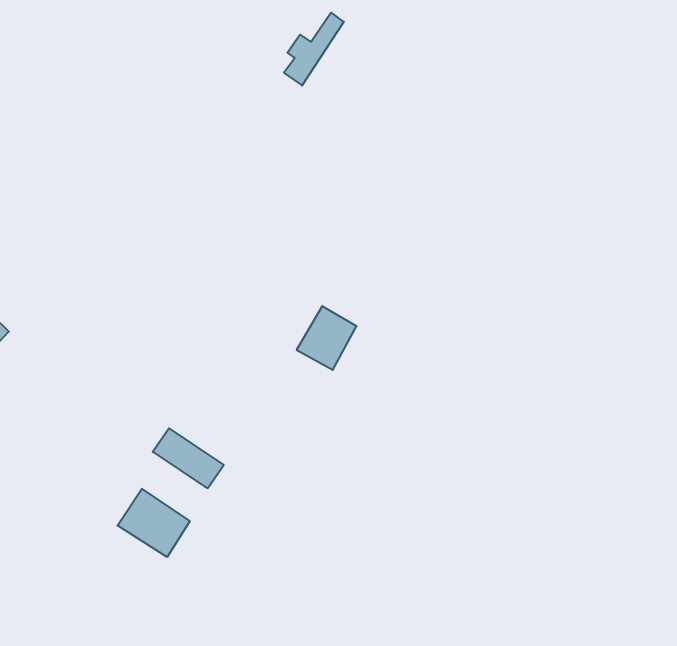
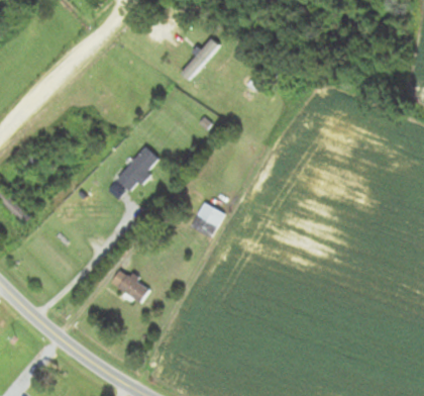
building: none -> [116,147,160,191]
building: [117,489,190,557] -> none

